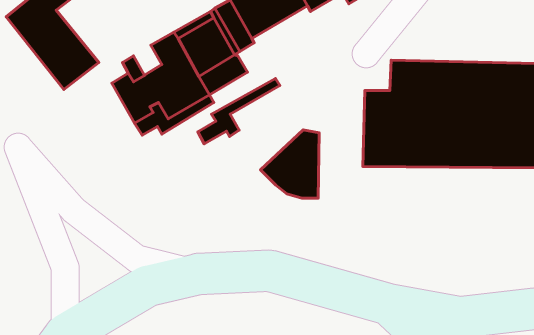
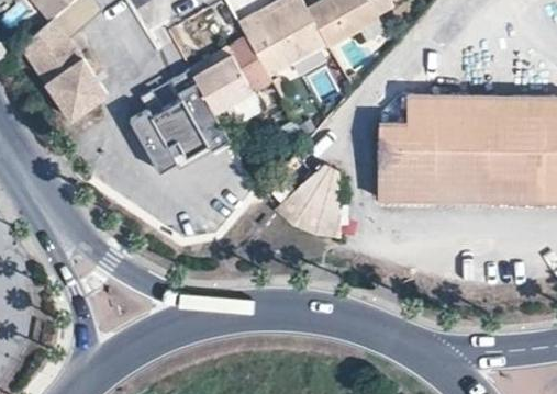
building: [198,78,280,144] -> none

